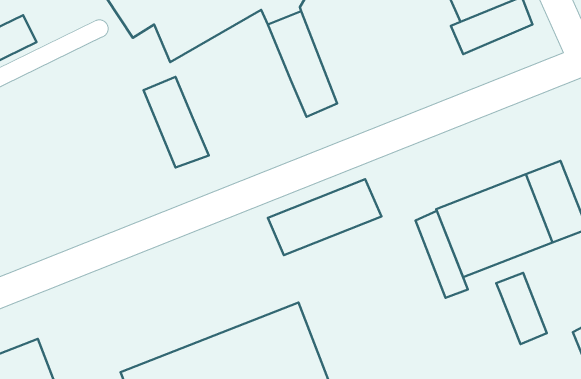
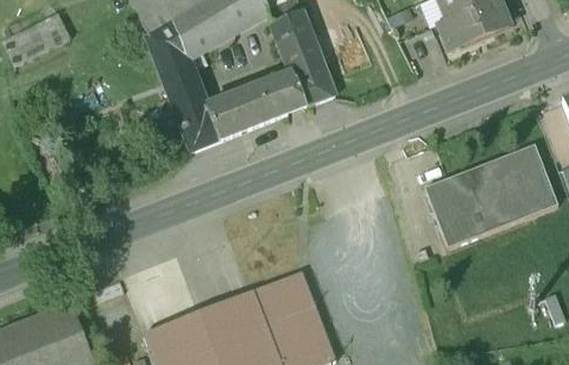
building: none -> [146,24,192,82]
building: [268,179,381,255] -> [208,73,309,140]
building: [415,211,468,298] -> none
building: [496,273,547,344] -> none

